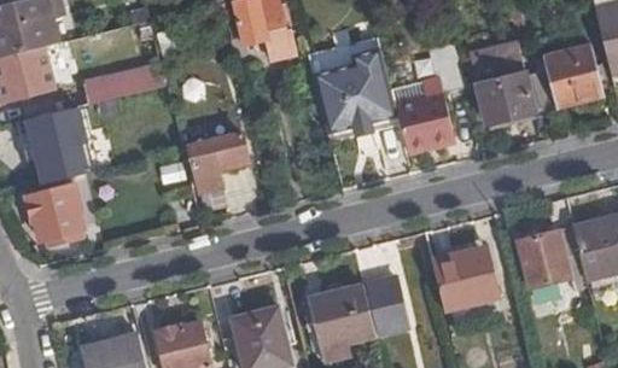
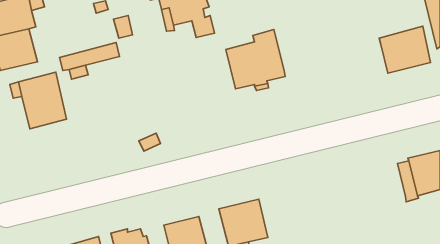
building: [467,41,540,122] -> none
building: [396,46,465,148] -> none
building: [191,134,249,191] -> none
building: [27,186,83,250] -> none
building: [514,233,564,288] -> none
building: [430,247,497,310] -> none
building: [366,274,408,334] -> none

